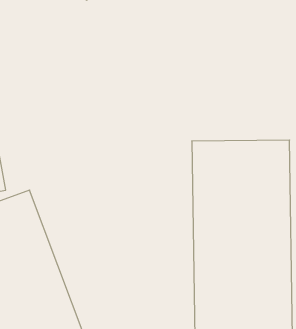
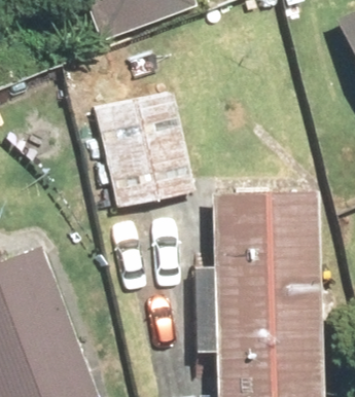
building: none -> [94,91,197,209]

